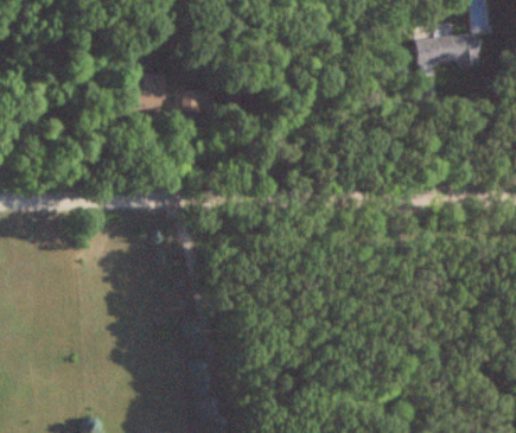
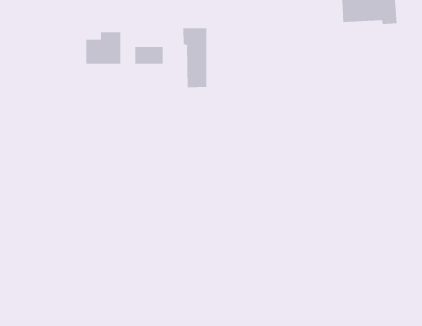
building: none -> [183,27,207,88]

